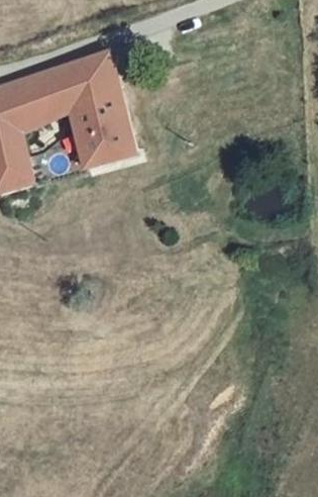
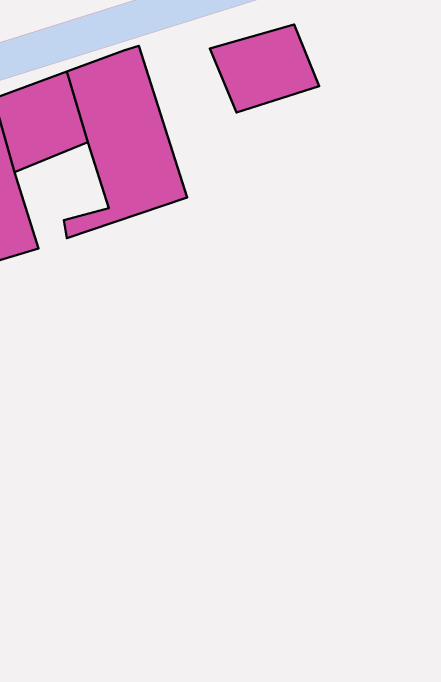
building: none -> [210,24,319,112]

